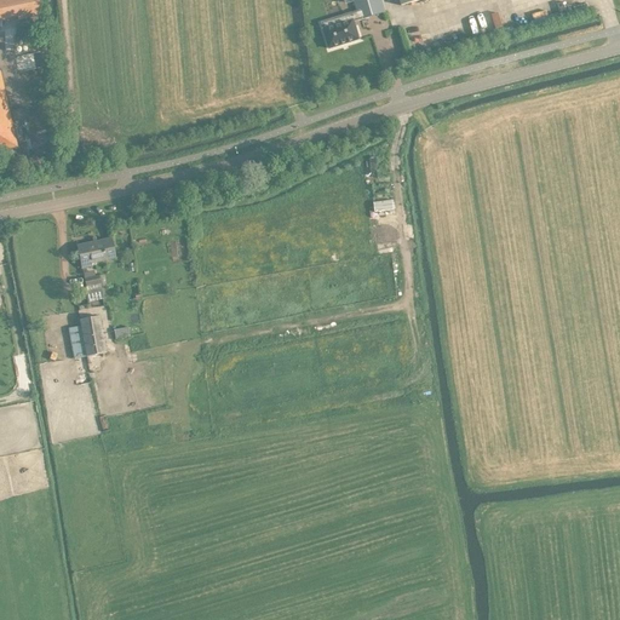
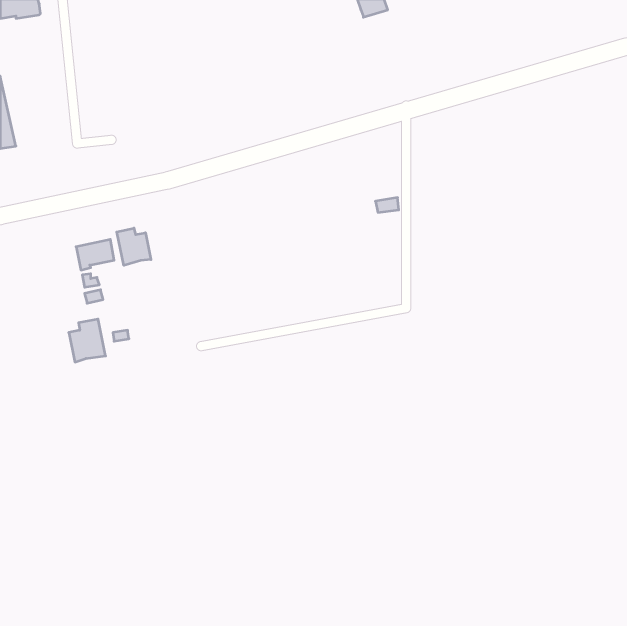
building: [321,10,358,46] -> none
building: none -> [117,228,151,265]

